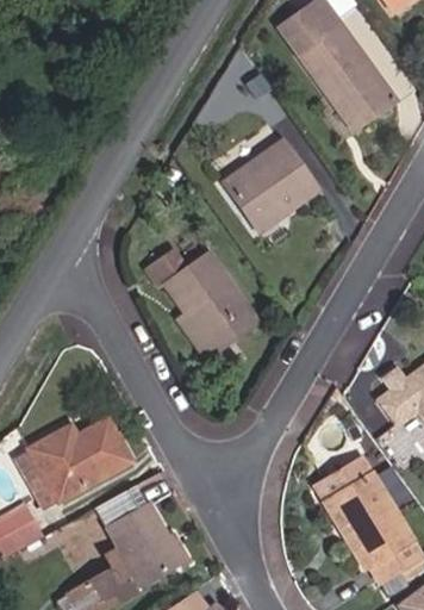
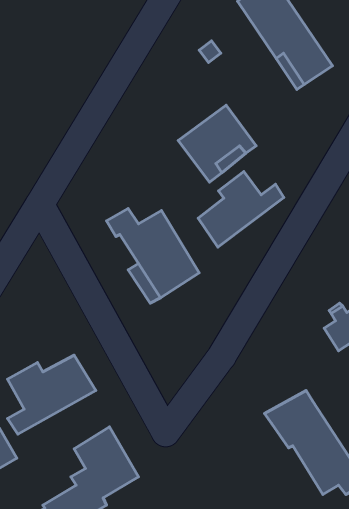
building: none -> [198,172,284,247]

